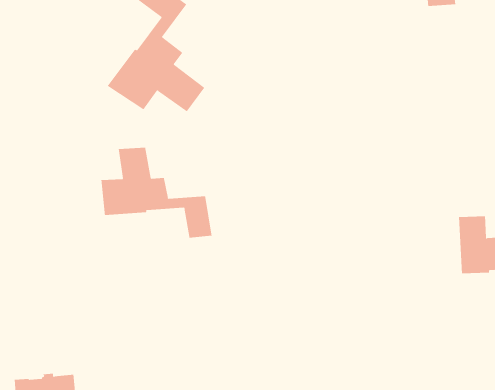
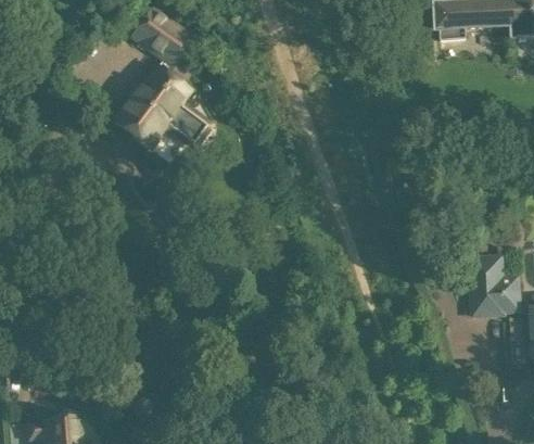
building: [101,147,212,238] -> none

